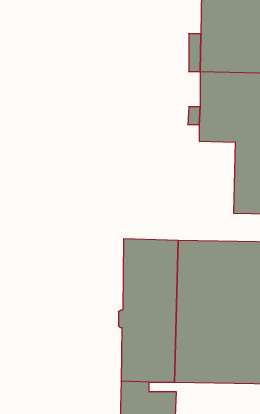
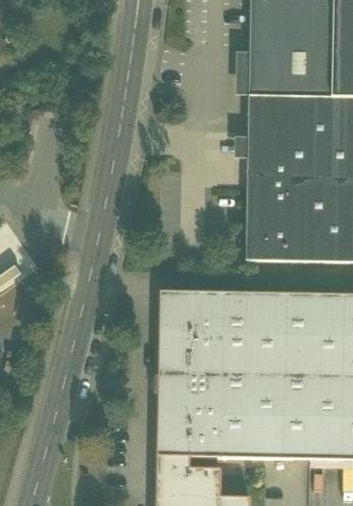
building: none -> [247,177,290,261]

